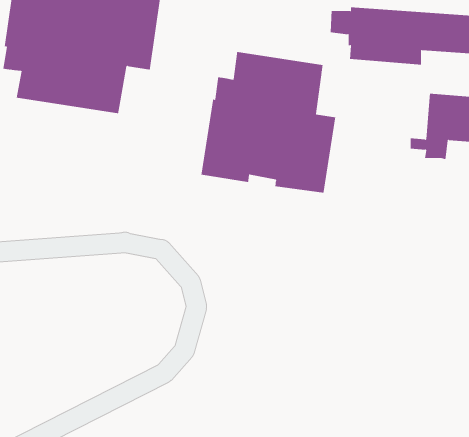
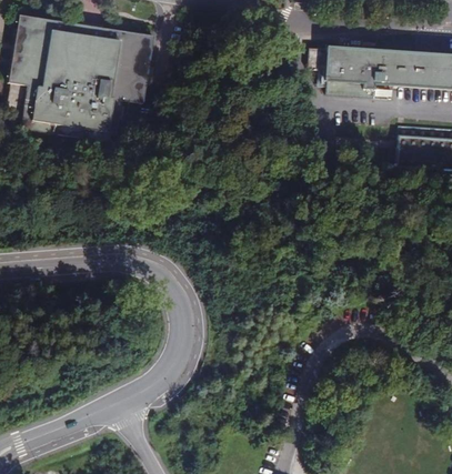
building: [201,51,336,193] -> none

